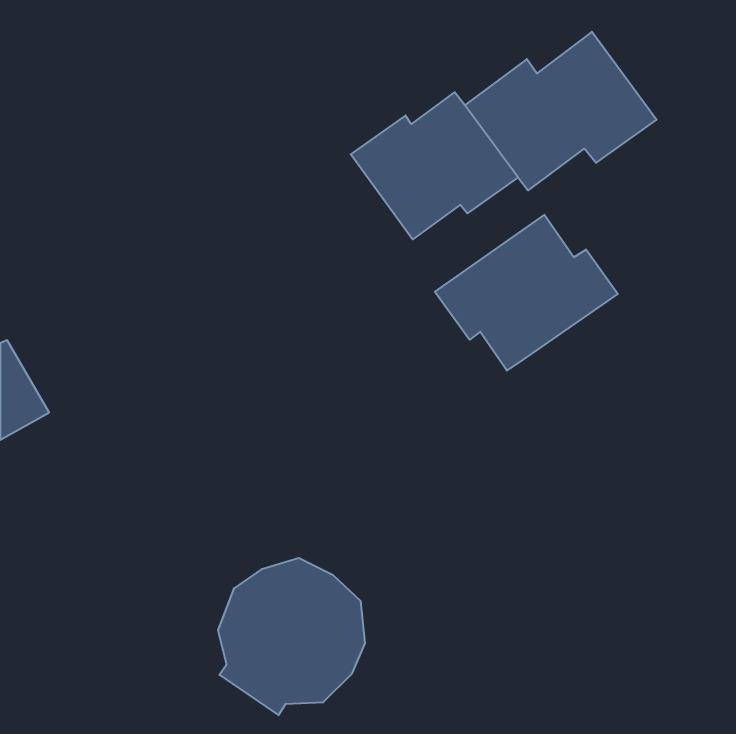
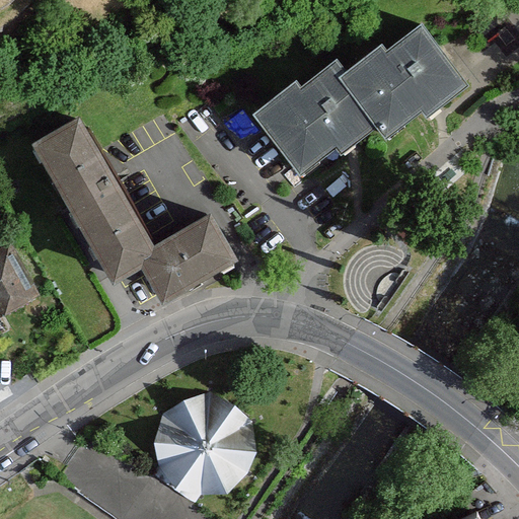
building: none -> [35,122,230,297]
building: [435,215,618,371] -> none

